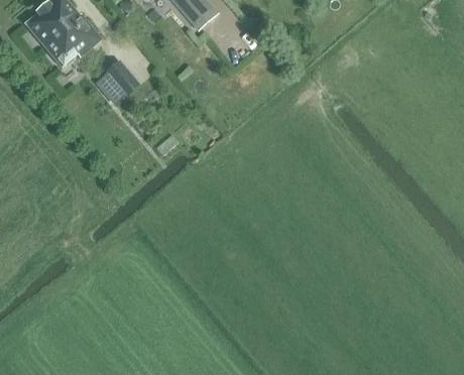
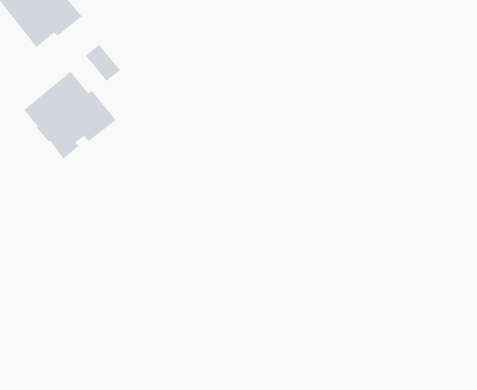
building: none -> [24,71,116,159]

